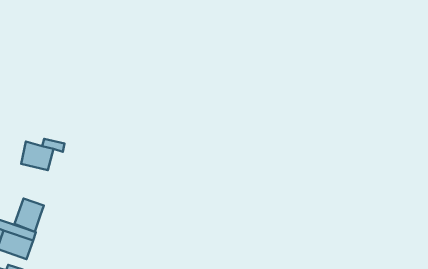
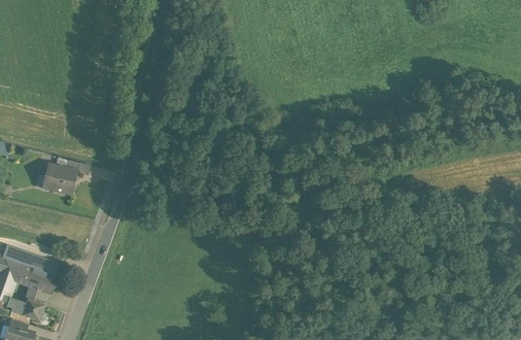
building: [14,198,44,232] -> none

